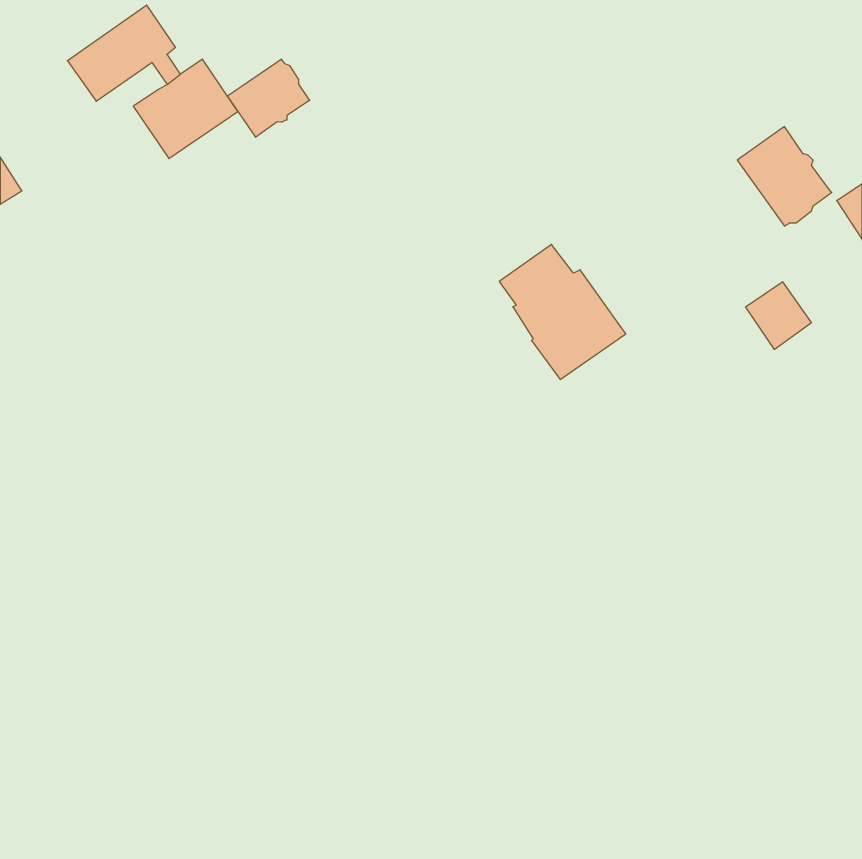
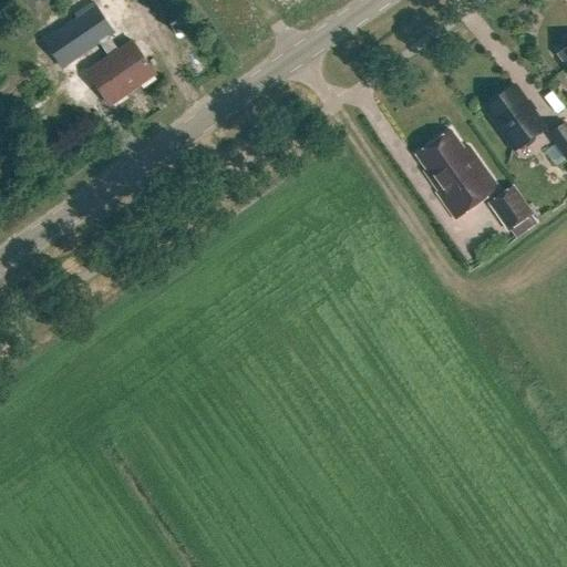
building: [227,59,310,137] -> none
building: [499,244,626,379] -> [416,128,499,217]

